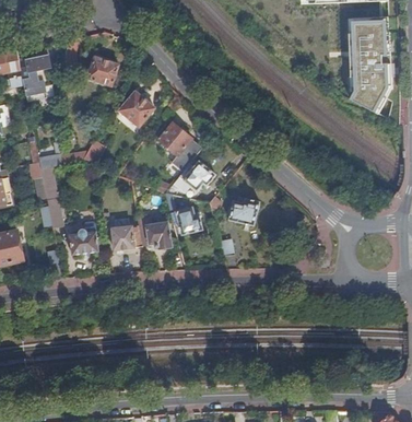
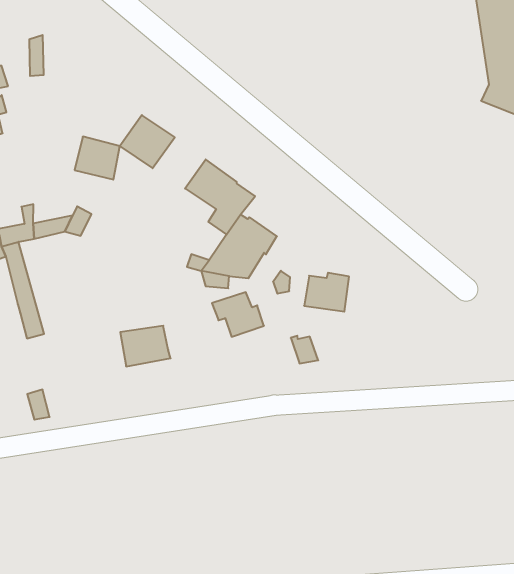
building: [87,57,117,85] -> [75,137,120,180]
building: [138,218,172,248] -> none
building: [69,221,98,255] -> none

